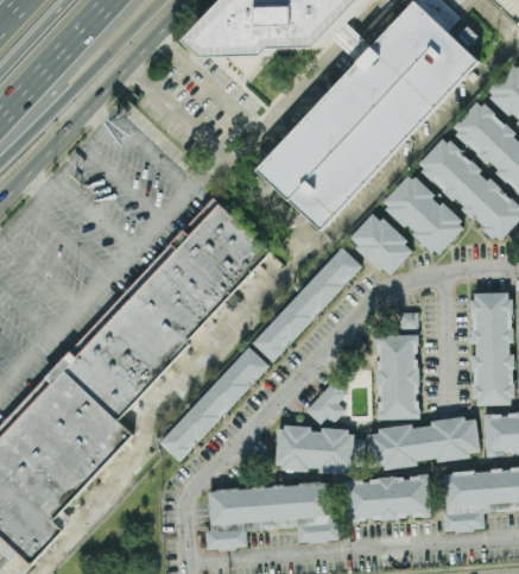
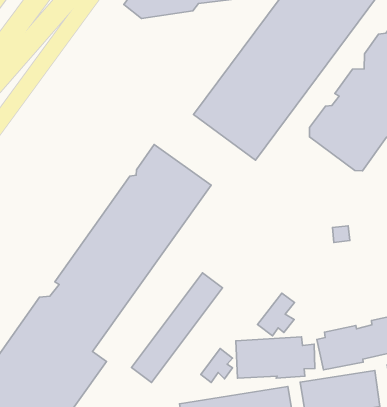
building: [348,210,413,277] -> none
building: [252,246,362,361] -> none
building: [376,334,419,418] -> none
building: none -> [201,349,232,382]

